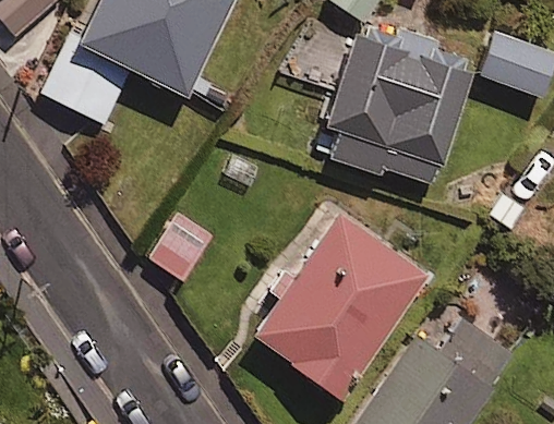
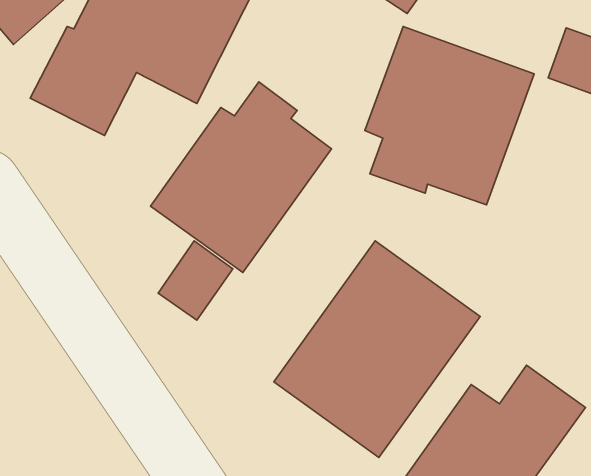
building: none -> [151,82,332,272]

